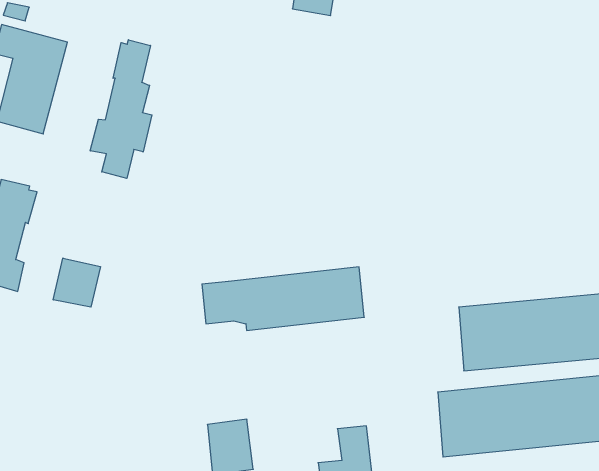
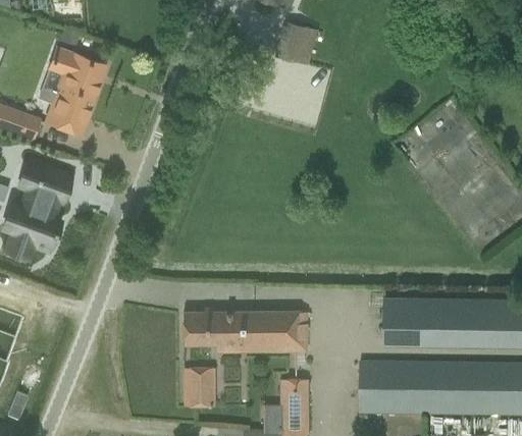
building: [90,40,152,178] -> none
building: [53,258,100,307] -> none
building: [202,267,364,330] -> [182,312,304,351]

